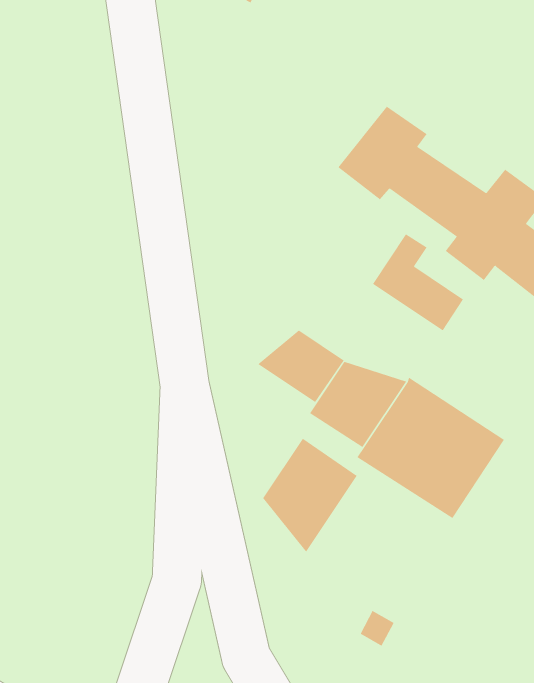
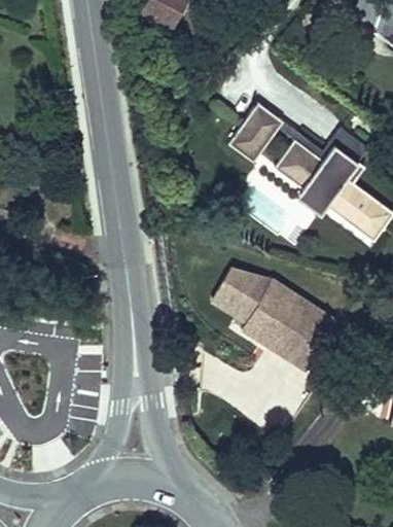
building: [257,330,345,403] -> none
building: [263,438,357,552] -> none

